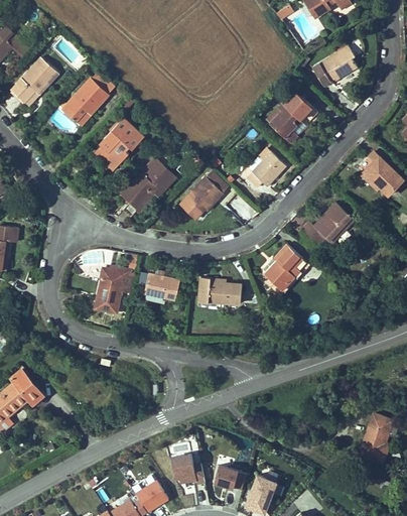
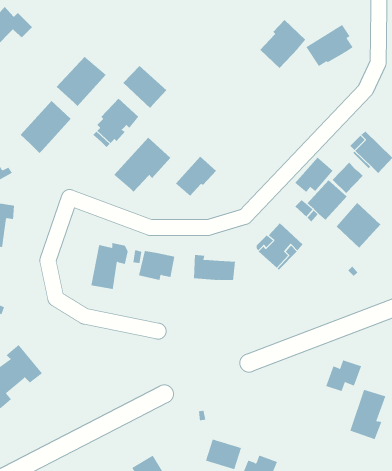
building: [7,55,59,110] -> [20,100,71,154]
building: none -> [122,65,167,109]
building: [269,91,316,141] -> [260,19,306,69]
building: [246,150,285,186] -> [295,157,333,193]
building: none -> [332,162,363,194]
building: none -> [336,202,381,249]
building: none -> [325,359,362,392]
building: [171,455,202,486] -> none

